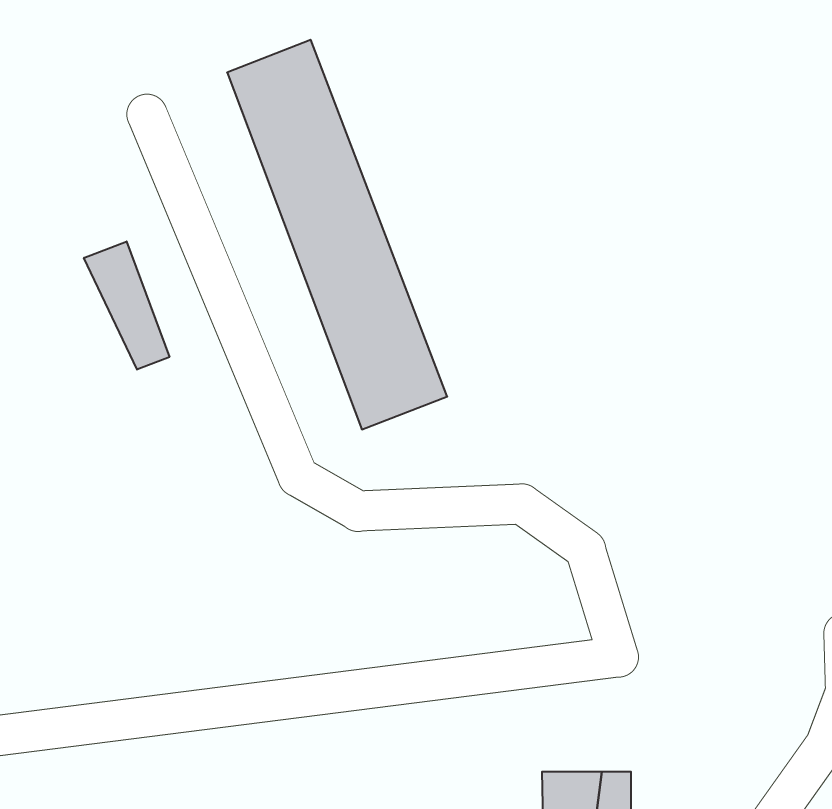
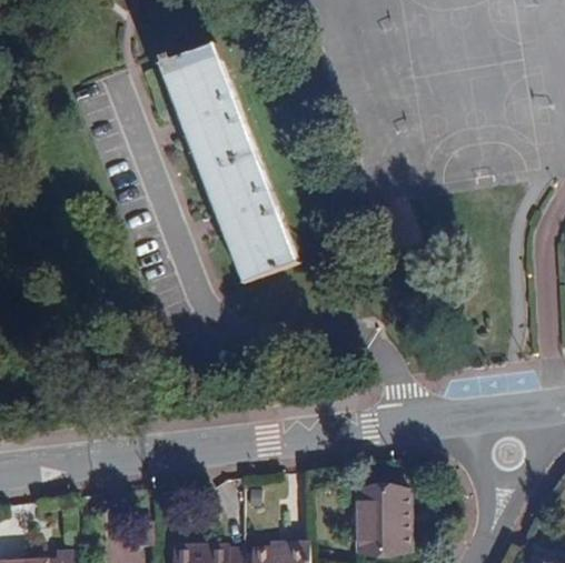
building: [84,241,169,370] -> none

